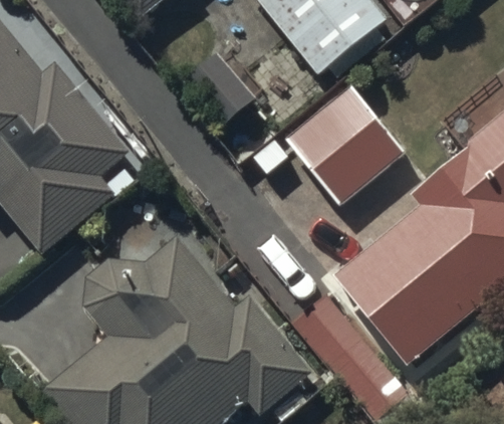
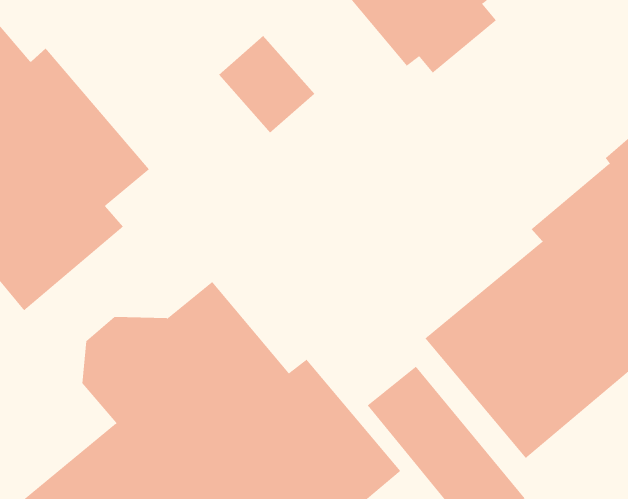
building: [286,85,404,203] -> none

